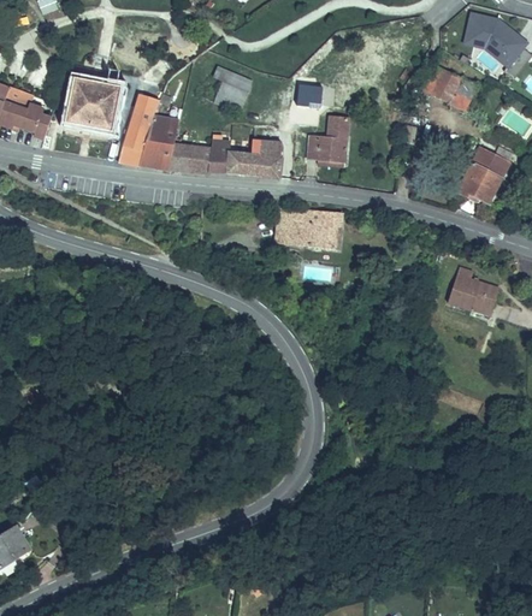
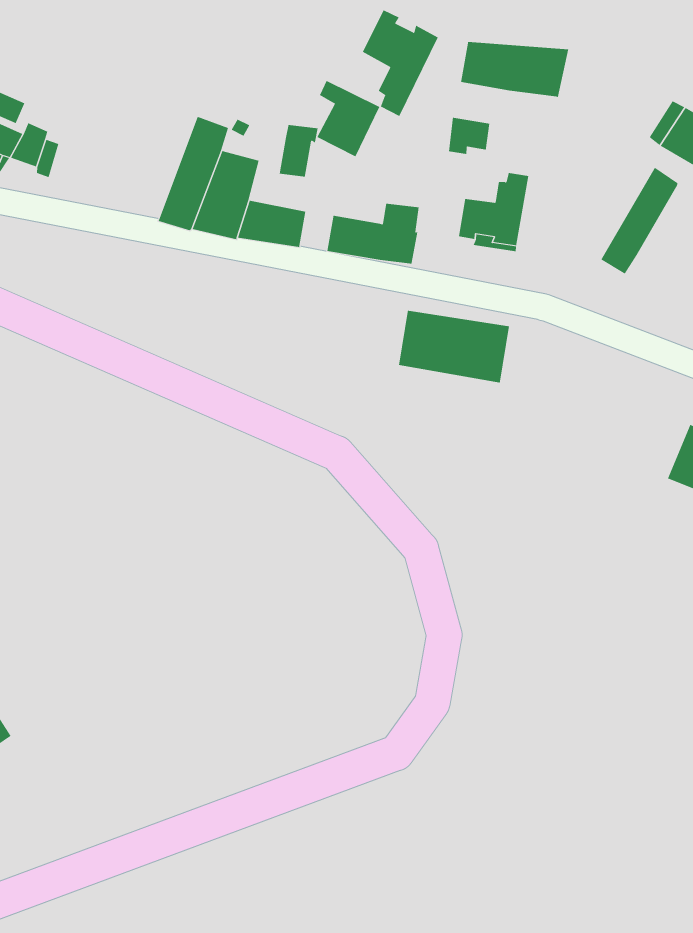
building: none -> [362,9,438,117]
building: none -> [461,41,569,98]
building: [65,76,122,132] -> none
building: none -> [601,167,678,274]
building: [207,140,230,172] -> [279,124,318,177]

